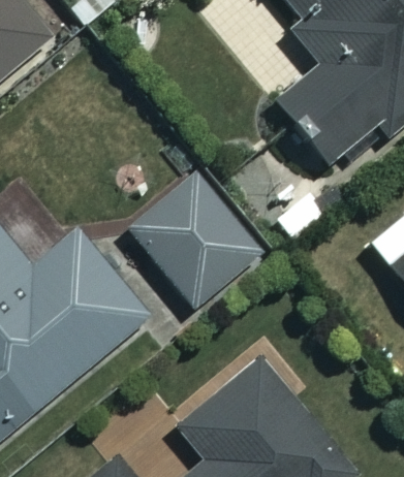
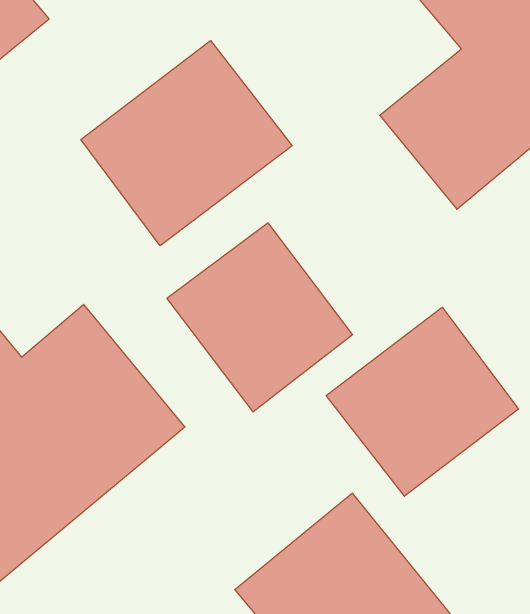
building: none -> [81,41,292,246]
building: none -> [326,307,518,496]

